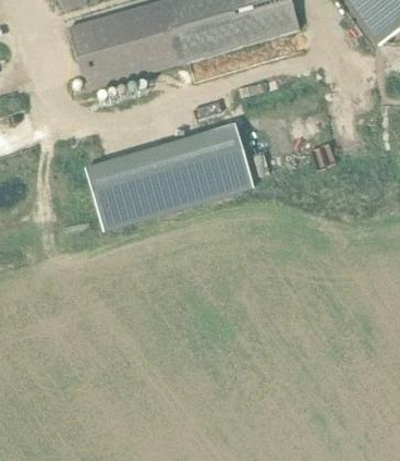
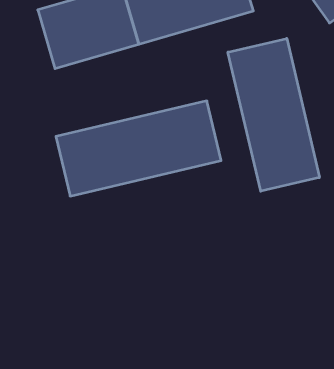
building: none -> [228,38,319,191]

